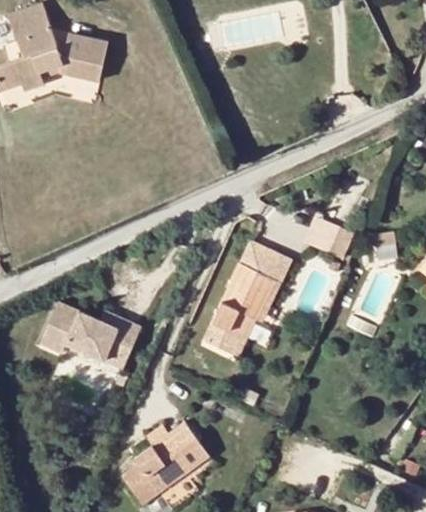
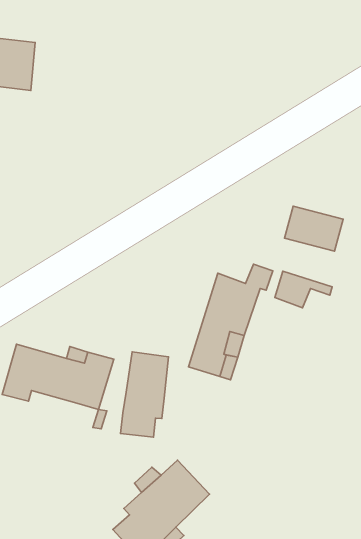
building: [241,242,292,276] -> [275,271,332,308]
building: none -> [121,352,169,437]

